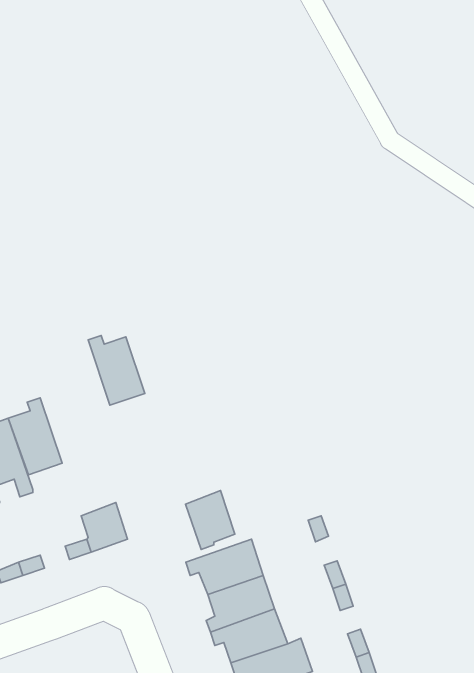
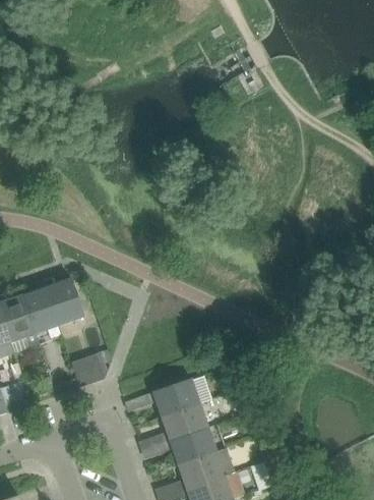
building: [88,335,145,405] -> [46,277,85,326]
building: [186,491,235,550] -> none

